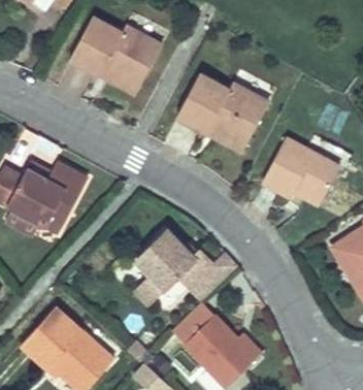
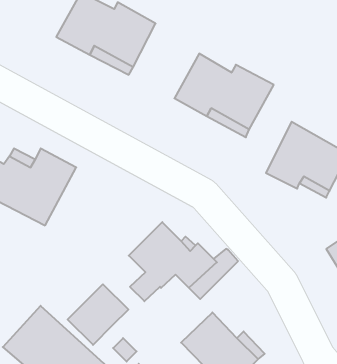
building: none -> [68,284,128,345]

